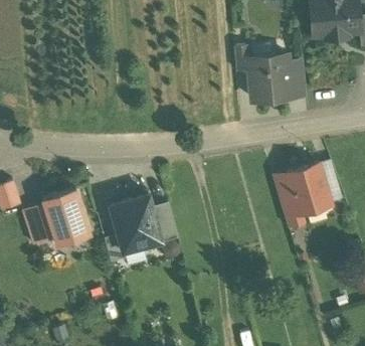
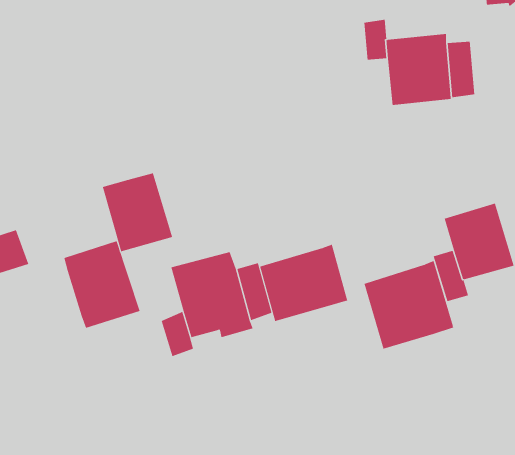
building: none -> [102,173,173,252]
building: none -> [260,244,348,322]
building: none -> [364,260,454,350]
building: [24,206,53,241] -> none

